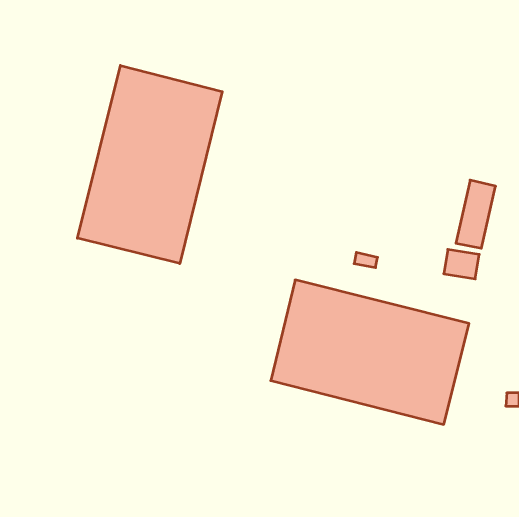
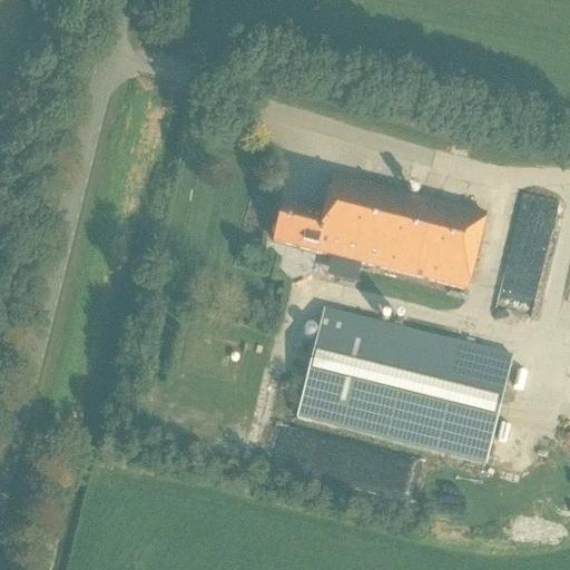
building: [77,65,222,264] -> none
building: none -> [273,173,488,288]

